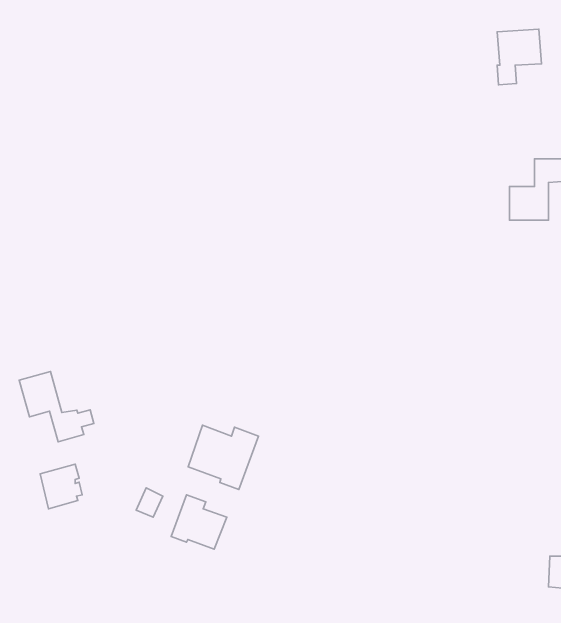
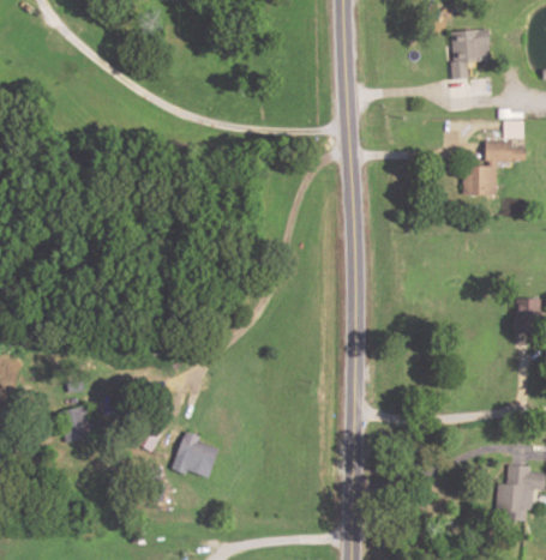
building: [19,371,94,442] -> none
building: [188,425,258,490] -> none

